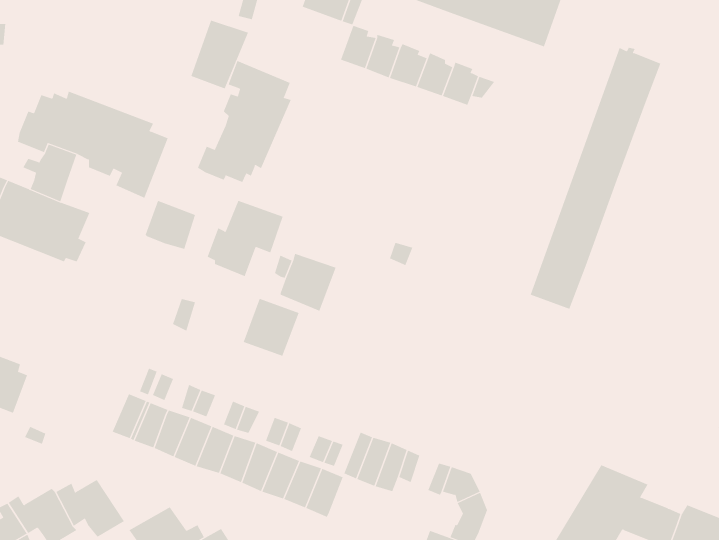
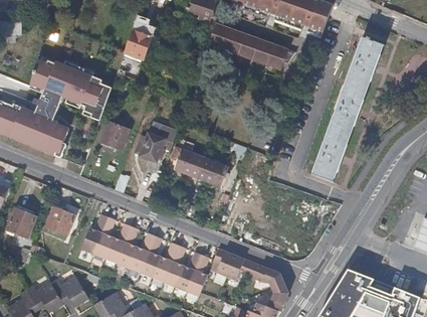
building: [197,60,291,183] -> none
building: [243,298,299,357] -> [196,157,227,189]
building: none -> [45,206,74,234]

